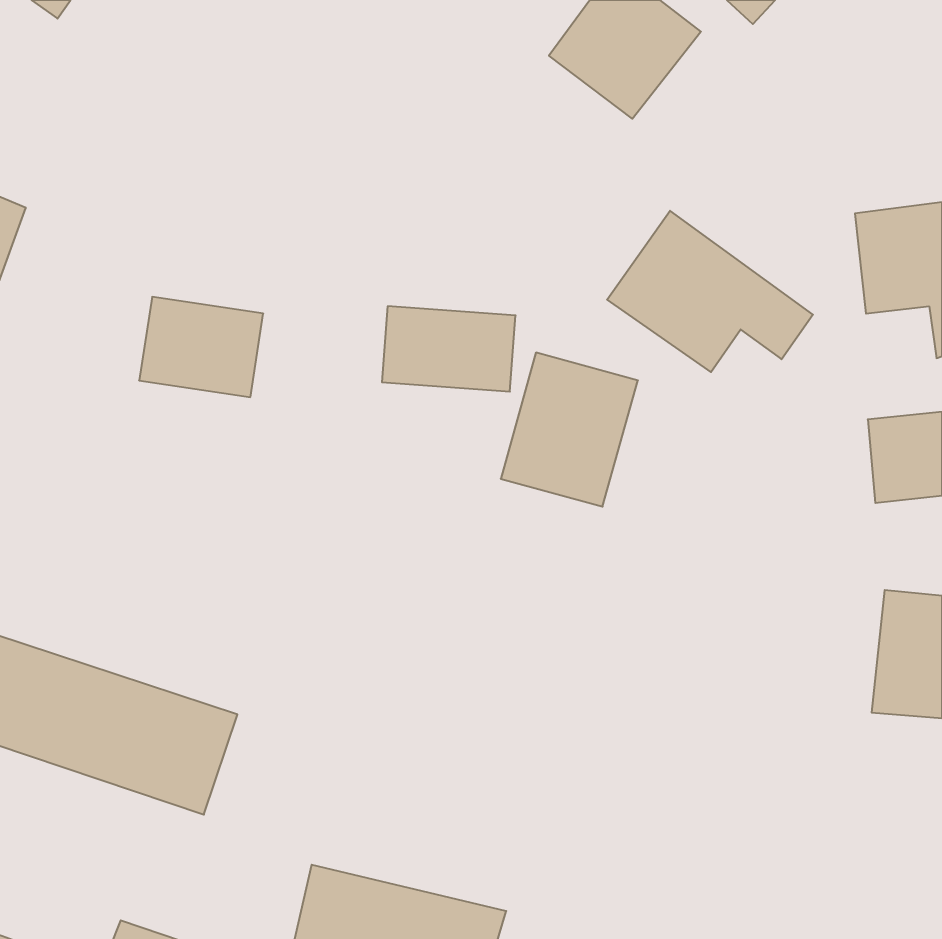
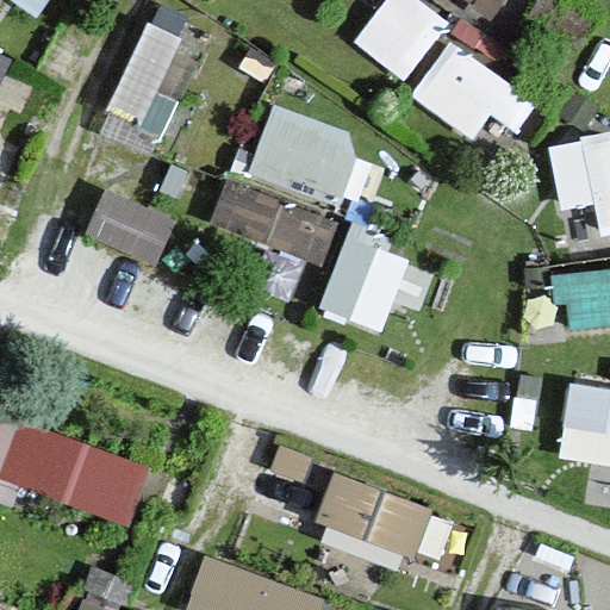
building: none -> [99,20,180,157]
building: none -> [248,105,363,205]
building: [607,211,813,372] -> [406,37,539,141]
building: none -> [315,471,437,564]

